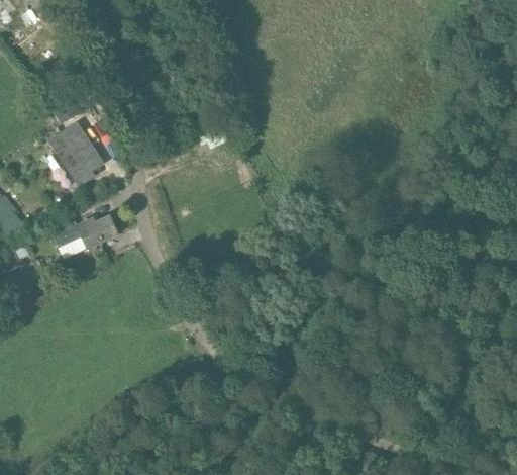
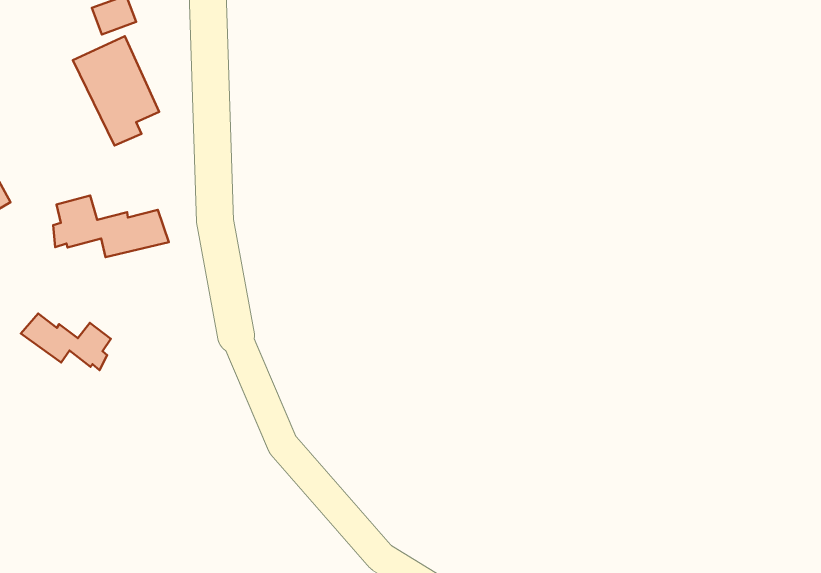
building: none -> [21,313,111,370]

